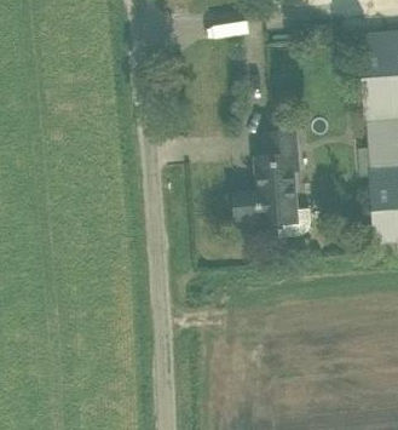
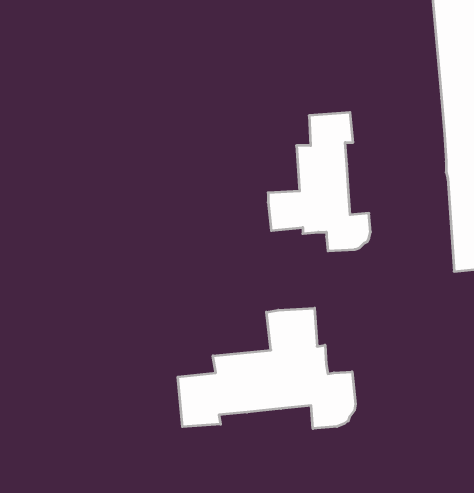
building: none -> [178,308,356,429]

